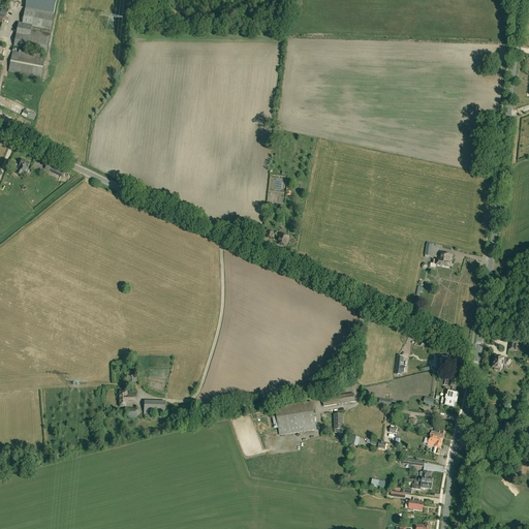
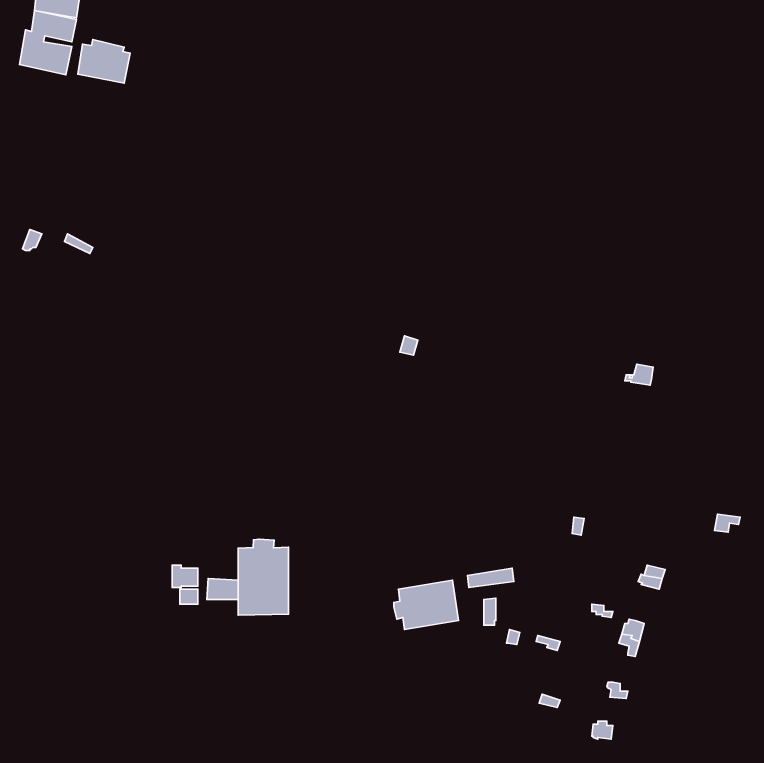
building: [8,46,44,76] -> [78,40,130,83]
building: none -> [238,539,288,615]

